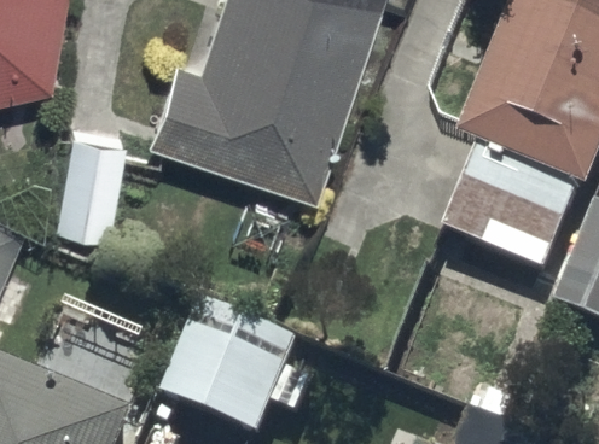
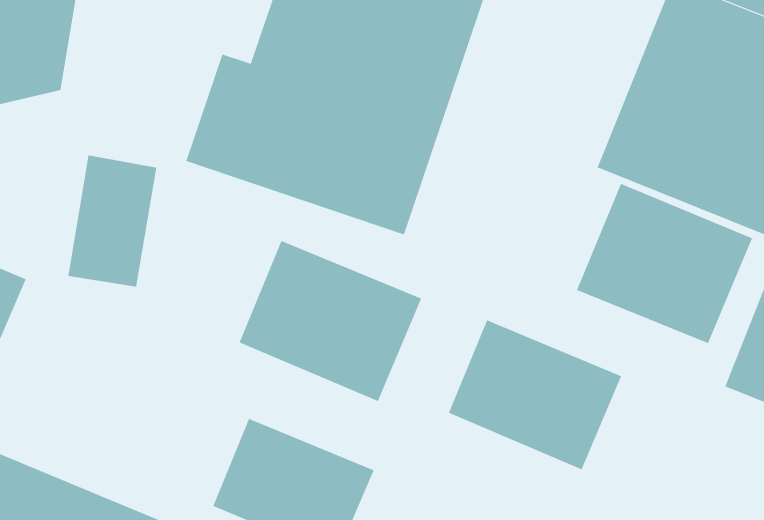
building: none -> [239,240,422,402]
building: none -> [448,320,622,470]

